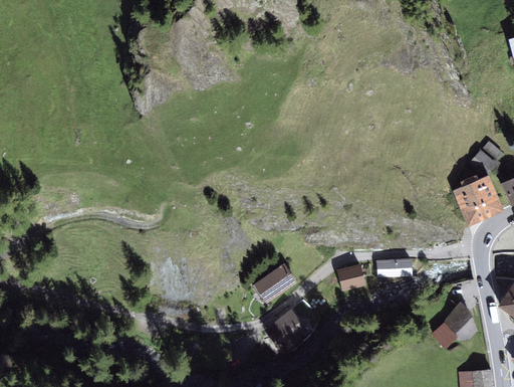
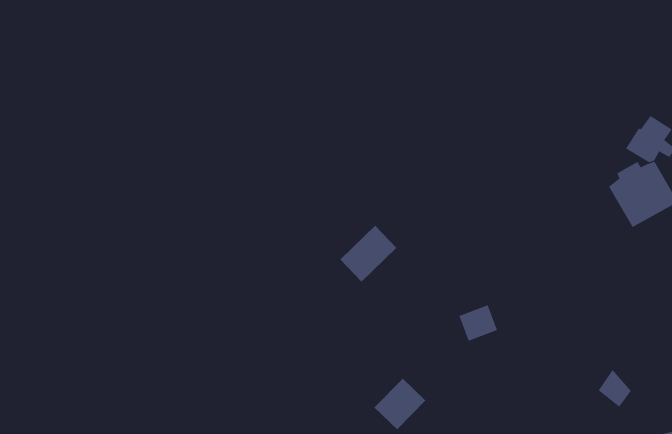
building: [375,258,413,277] -> none
building: [253,262,295,303] -> [339,225,397,282]
building: [443,302,478,341] -> none

